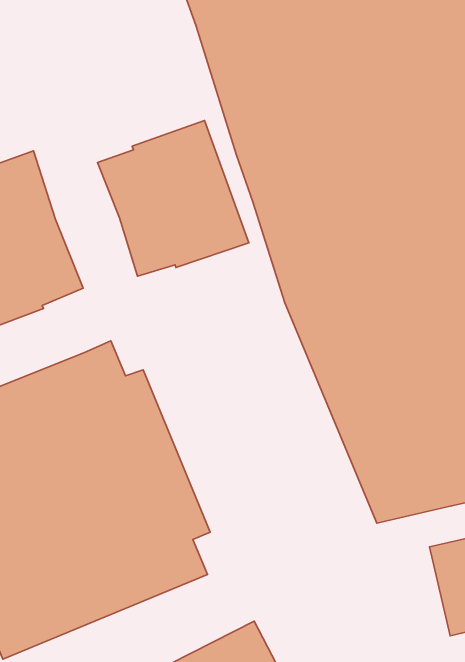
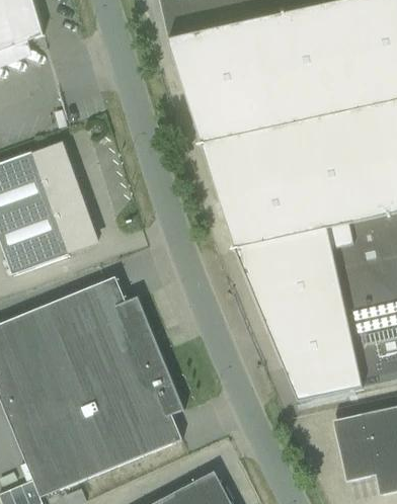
building: [98,120,249,276] -> none

